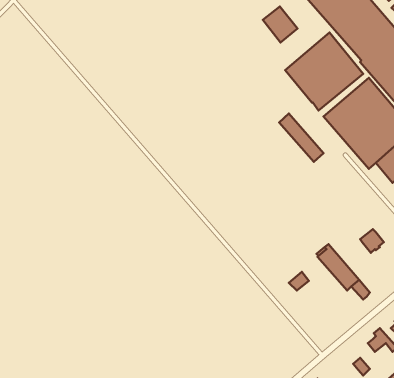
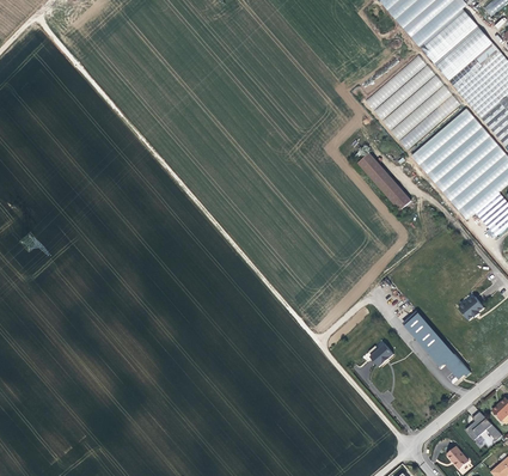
building: [263,7,298,43] -> none

